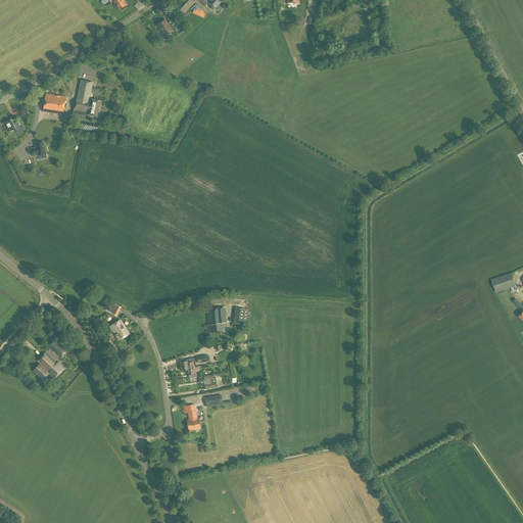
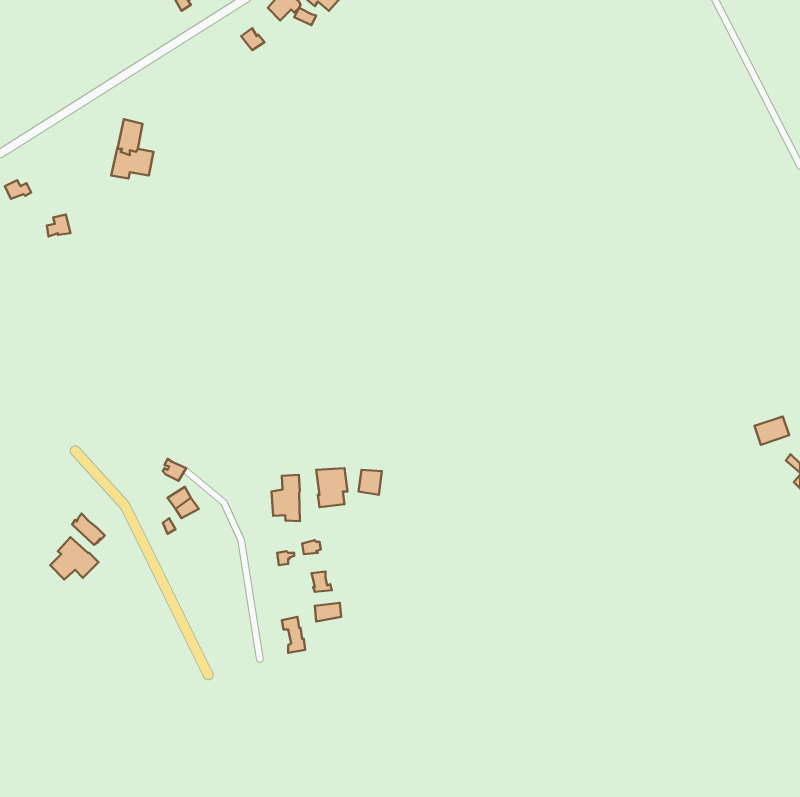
building: [43,92,66,114] -> none
building: none -> [272,475,300,521]

